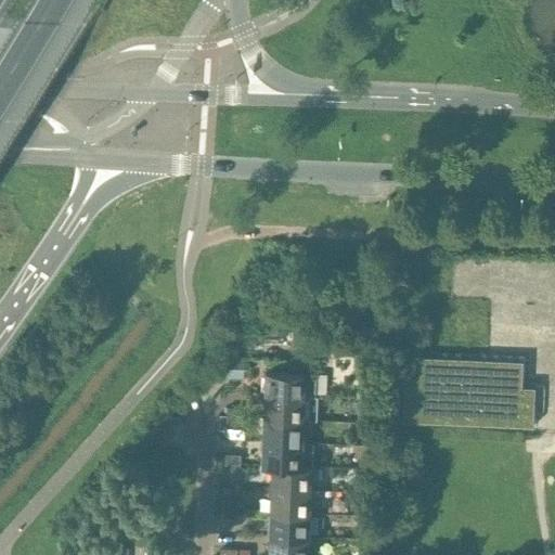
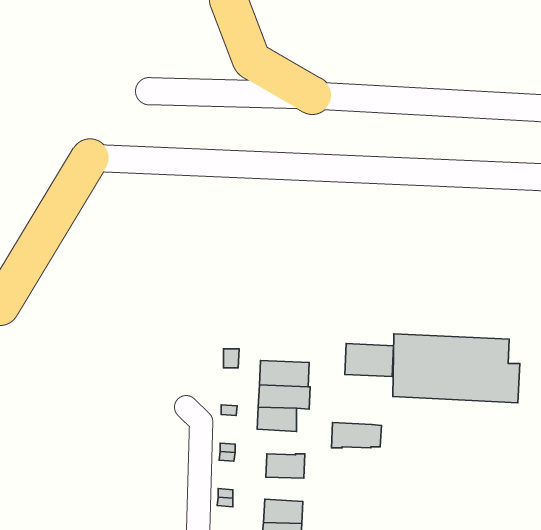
building: none -> [345,344,394,377]
building: [262,451,313,477] -> [332,422,381,448]
building: [271,500,311,525] -> none

